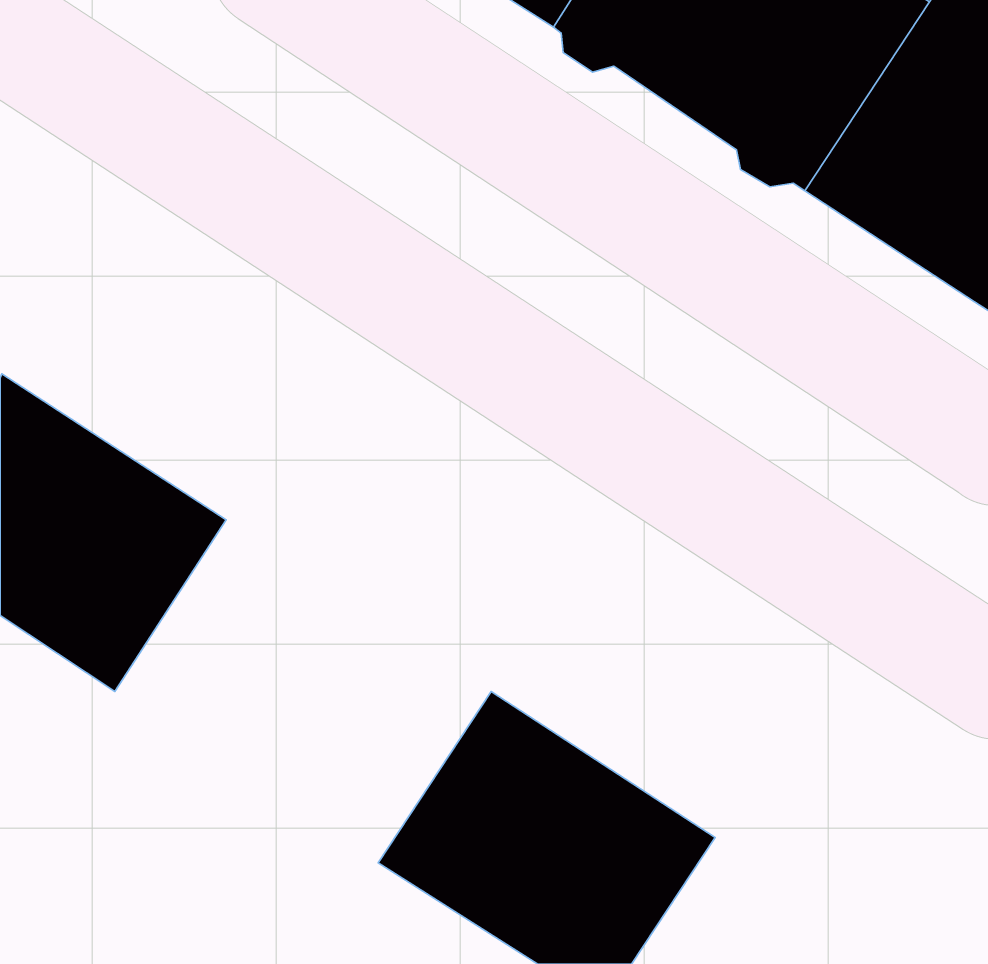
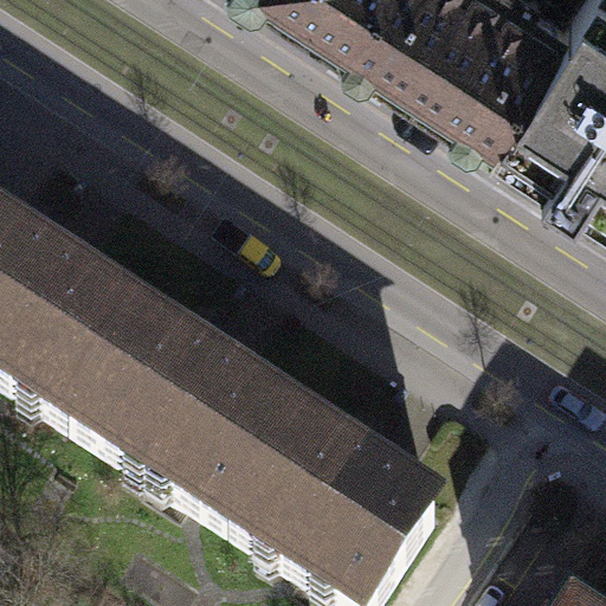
building: none -> [75,316,303,524]

